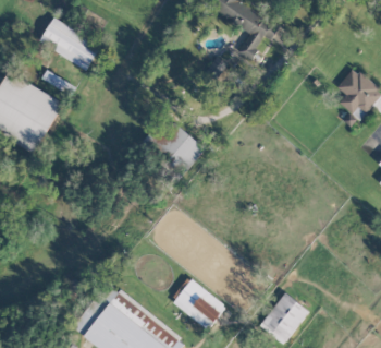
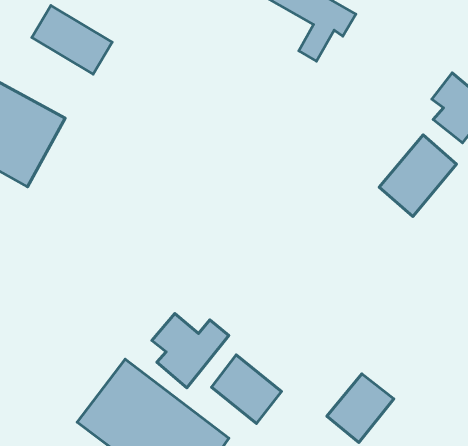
building: none -> [379,135,457,216]
building: [157,124,205,178] -> none
building: none -> [152,313,229,388]

